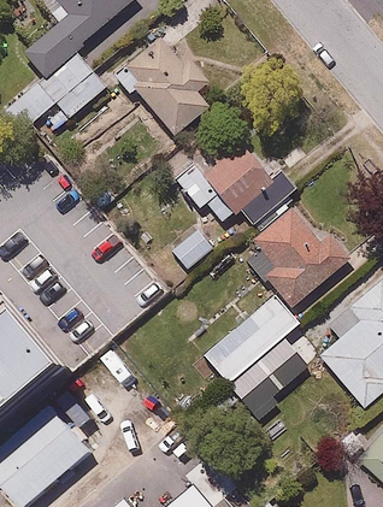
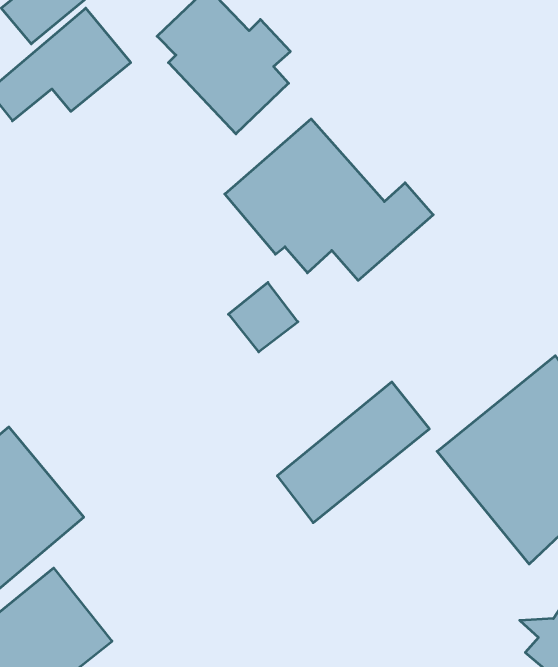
building: [243,204,348,302] -> none
building: [228,336,308,418] -> none

